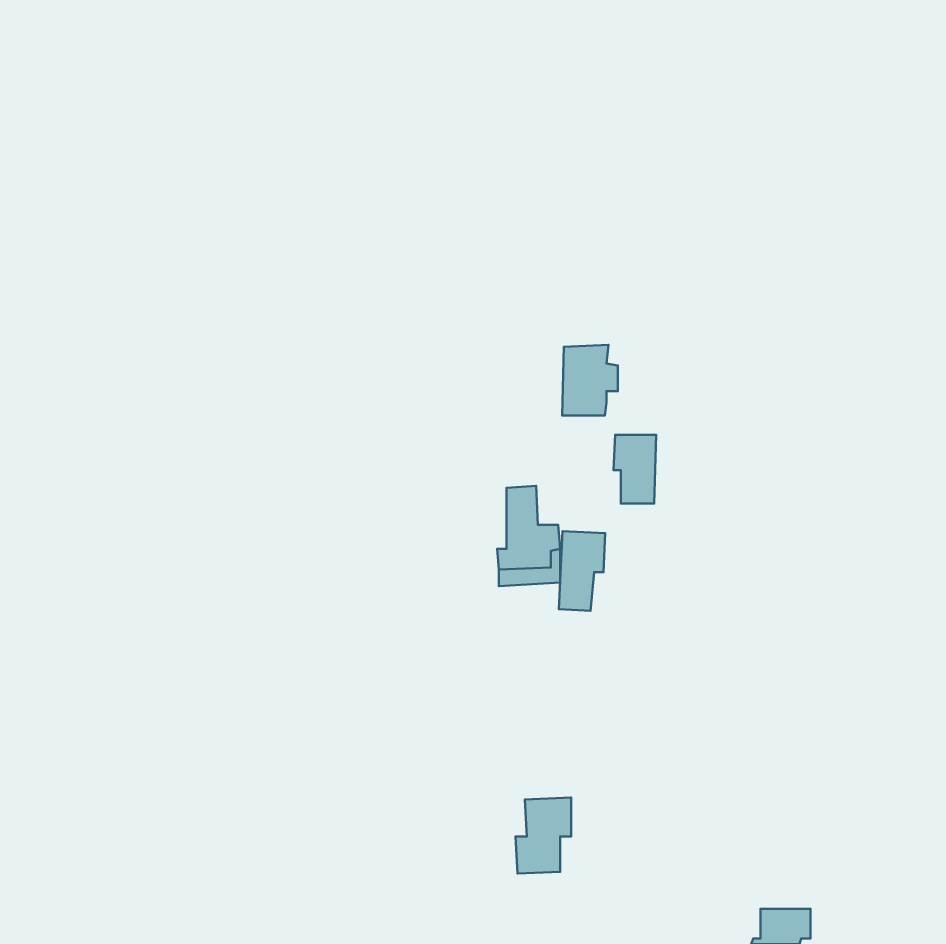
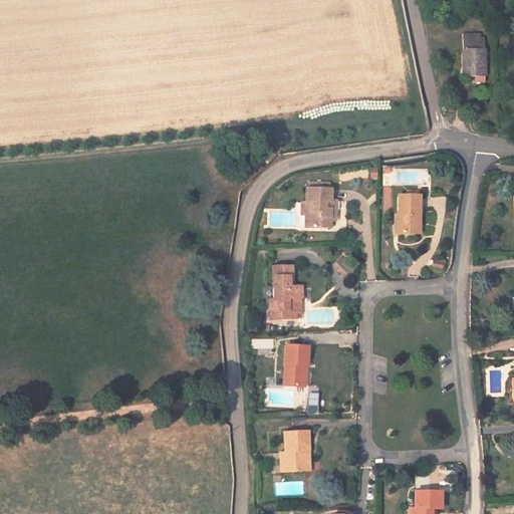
building: none -> [464,30,487,74]
building: [613,435,656,504] -> [397,196,420,233]
building: [559,531,605,611] -> [285,344,310,388]

